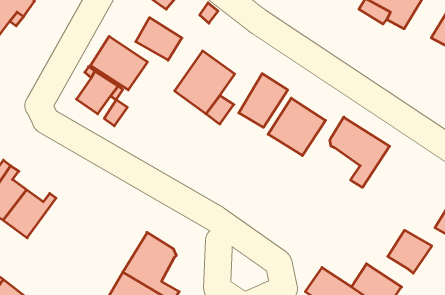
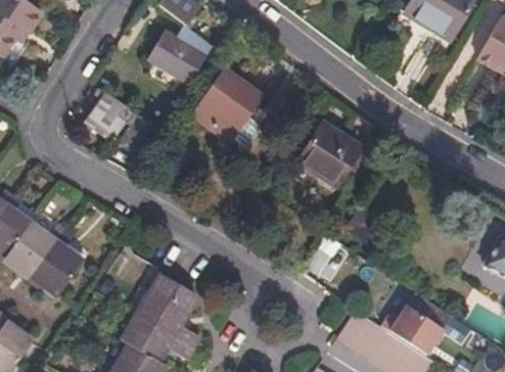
building: [90,36,147,90] -> none
building: [239,74,288,127] -> none
building: [330,117,390,187] -> none
building: none -> [31,231,82,294]
building: [388,230,432,273] -> none

